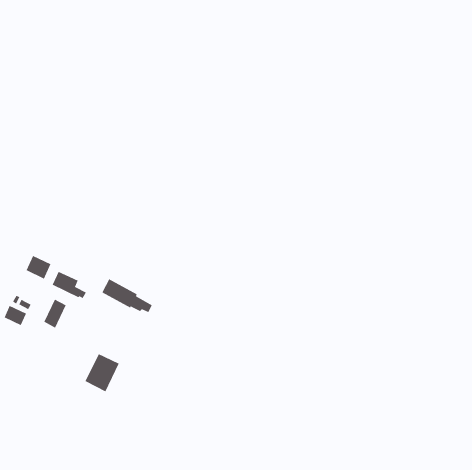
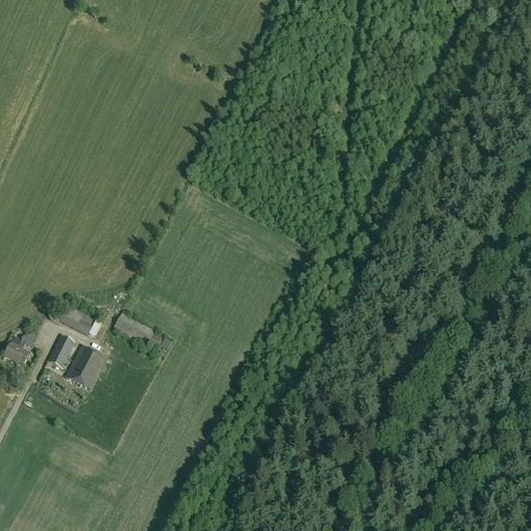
building: [26,255,51,279] -> none
building: [85,353,120,392] -> [66,346,106,390]

